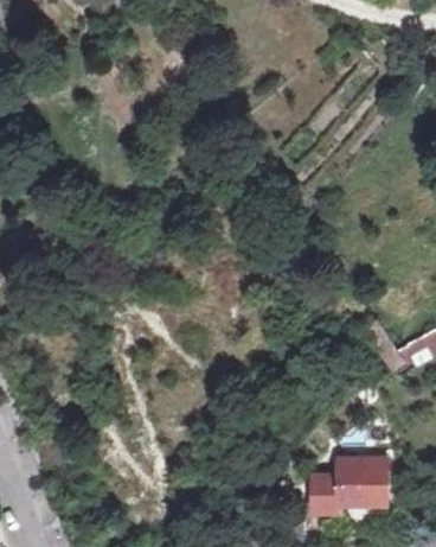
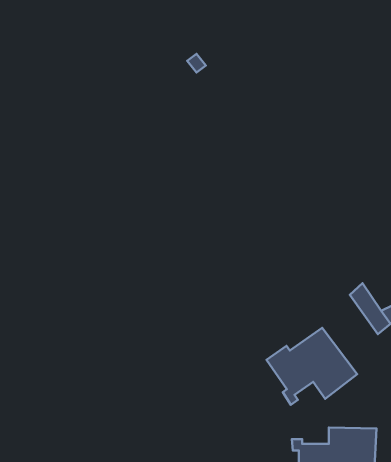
building: none -> [266,328,357,405]

